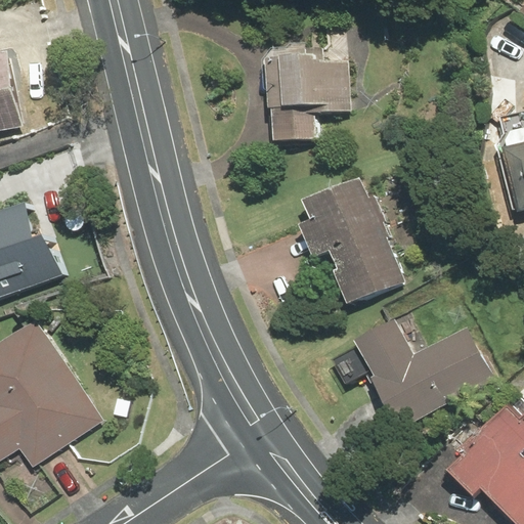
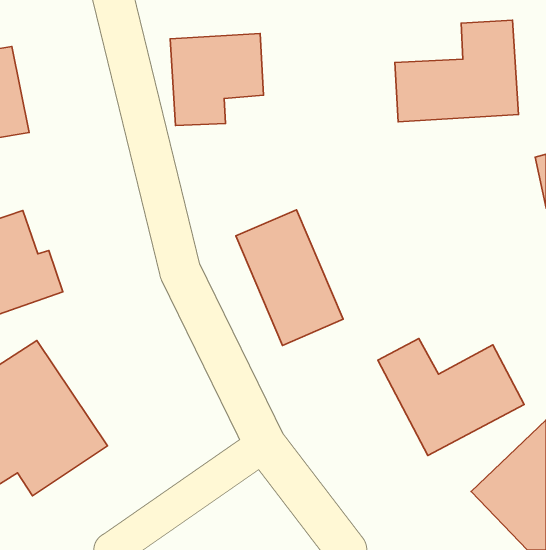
building: none -> [395,20,519,122]
building: [263,53,351,140] -> [170,33,263,126]
building: [303,177,404,305] -> [236,210,343,345]

